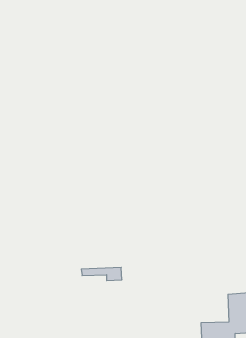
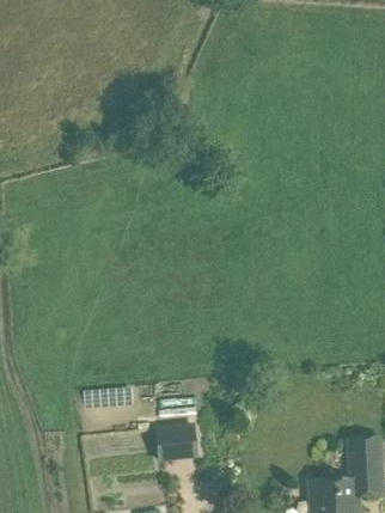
building: none -> [155,423,197,459]

